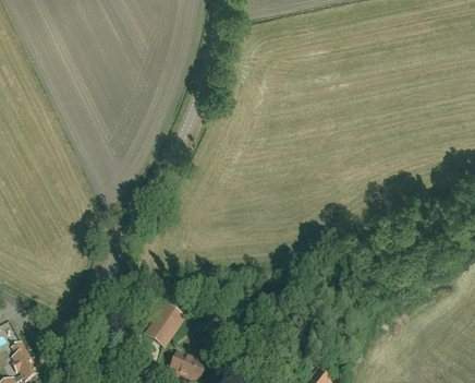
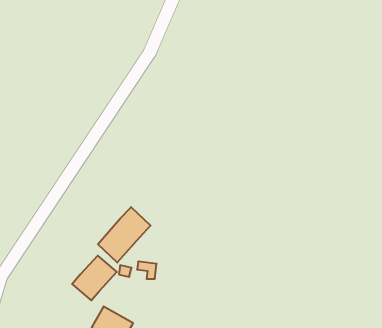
building: none -> [98,207,151,263]

